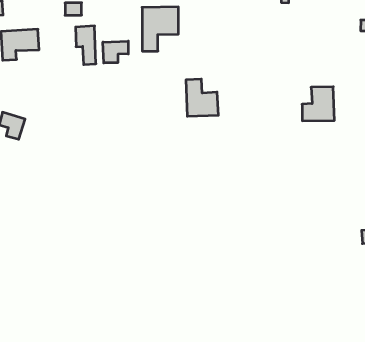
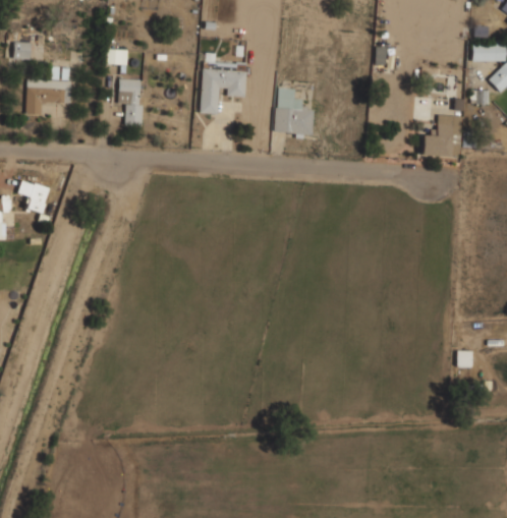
building: [103,41,128,63] -> none
building: [186,79,218,116] -> [275,89,314,134]
building: [302,87,334,121] -> [421,115,462,158]

